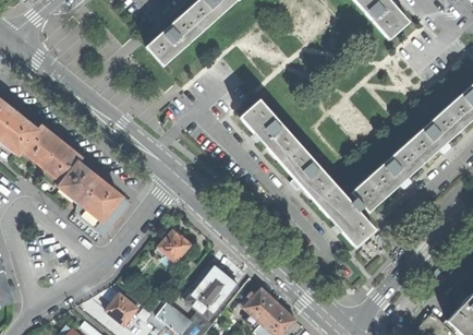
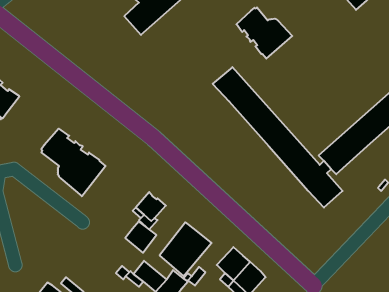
building: none -> [236,7,292,59]
building: [23,124,83,180] -> none
building: [106,292,138,325] -> [125,221,156,253]

